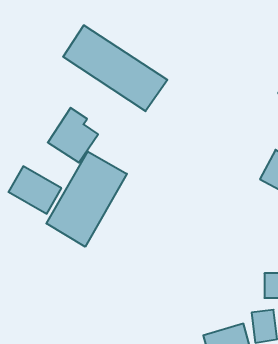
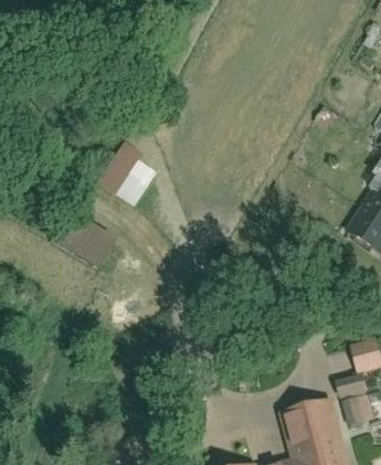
building: [63,25,167,111] -> none
building: [46,151,127,247] -> none

